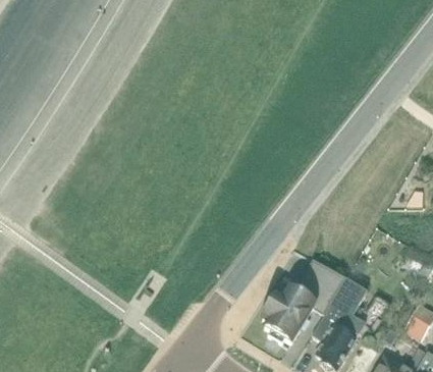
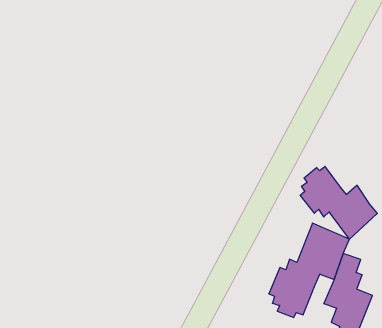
building: none -> [300,166,377,239]

